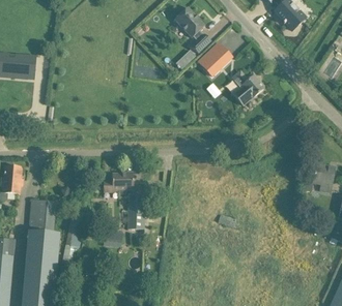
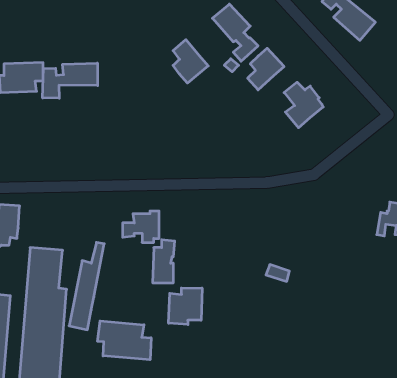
building: none -> [173,40,208,83]
building: none -> [43,63,98,98]
building: none -> [169,288,202,325]
building: none -> [98,321,151,360]

